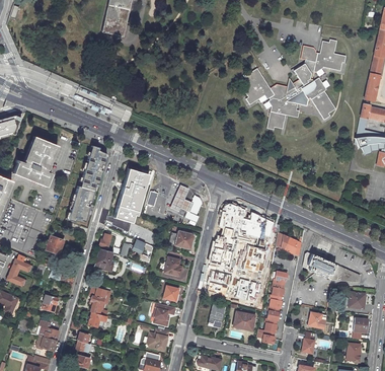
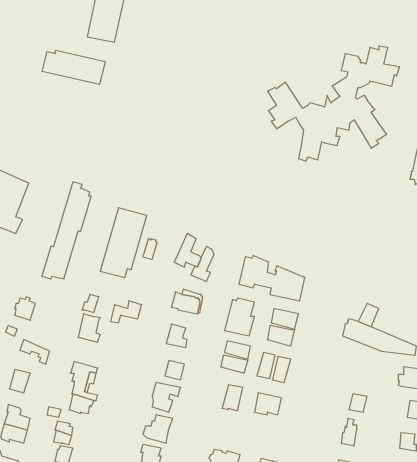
building: none -> [42,50,105,84]
building: [276,232,302,256] -> none
building: [256,271,287,345] -> none

